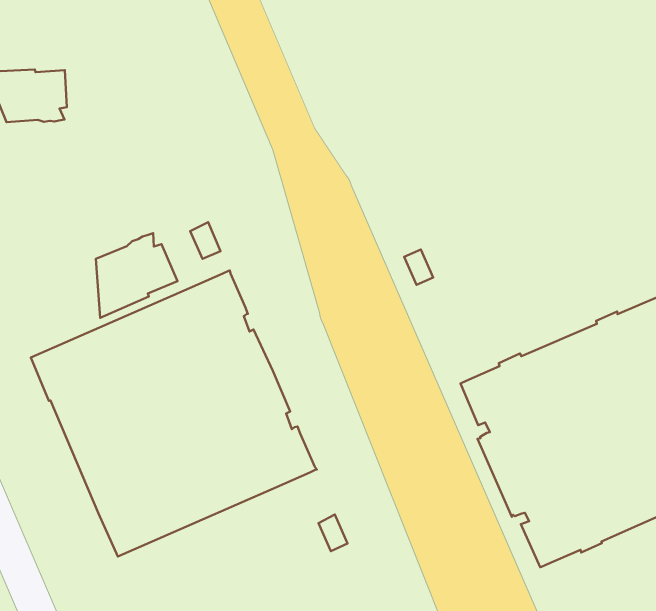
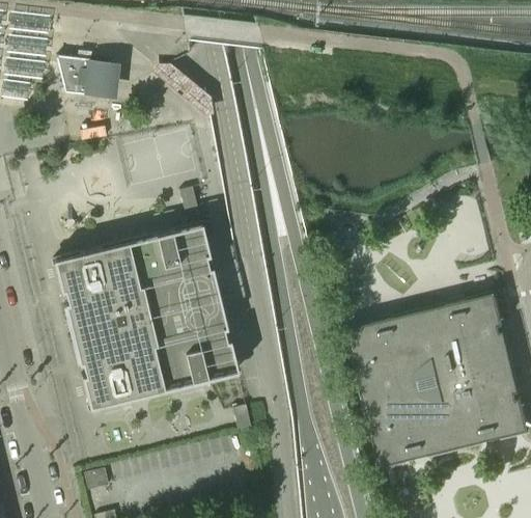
building: [96,233,178,318] -> none

